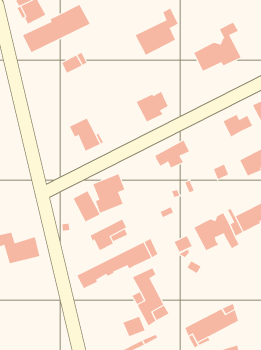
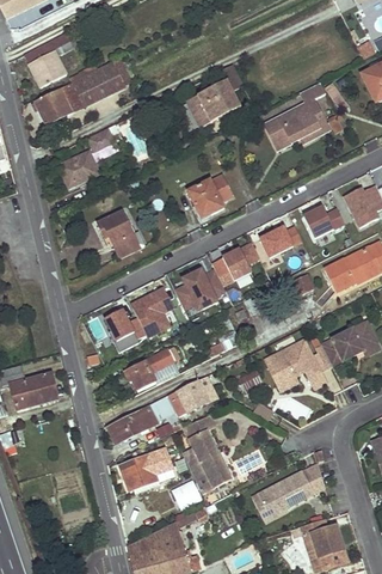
building: none -> [60,152,99,182]
building: none -> [258,226,295,261]
building: none -> [175,269,226,310]
building: none -> [119,454,159,490]

